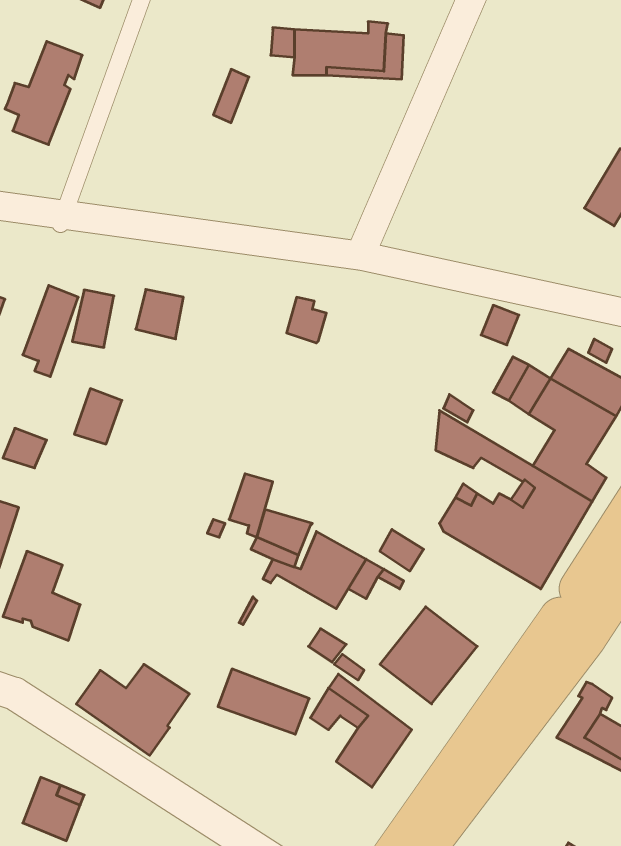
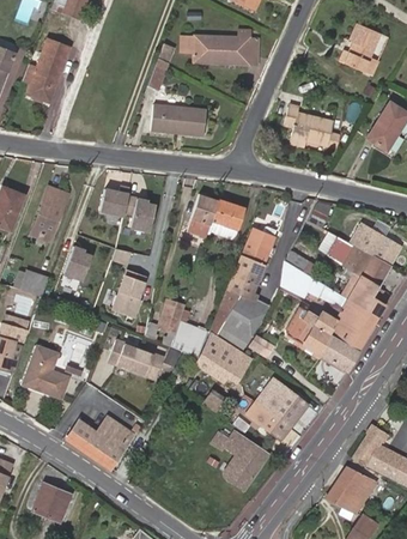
building: none -> [345,23,381,77]
building: none -> [150,104,204,134]
building: none -> [287,104,338,144]
building: [72,290,114,347] -> [130,200,156,235]
building: none -> [211,200,242,229]
building: none -> [211,229,275,349]
building: none -> [111,277,147,319]
building: [218,669,309,734] -> [108,339,163,378]
building: none -> [330,470,375,515]

